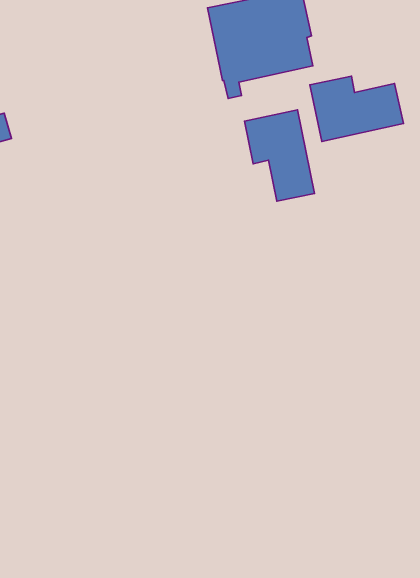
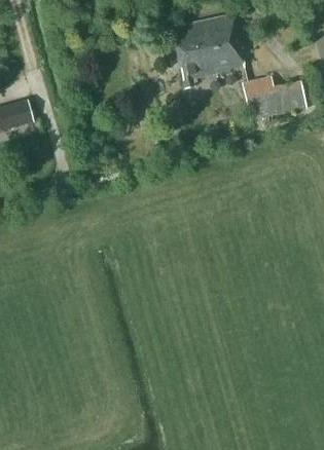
building: [244,110,315,201] -> none

